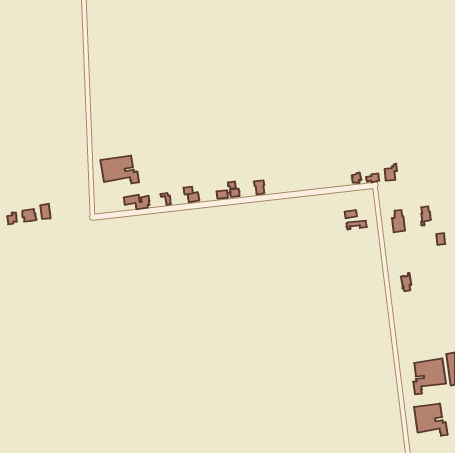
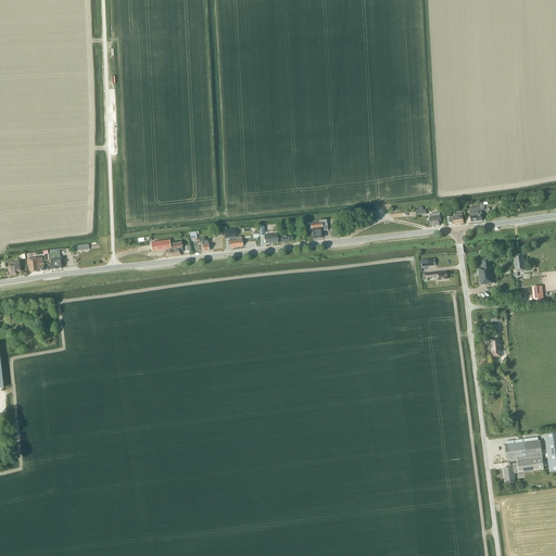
building: [101,155,139,184] -> none
building: [414,403,447,436] -> none

